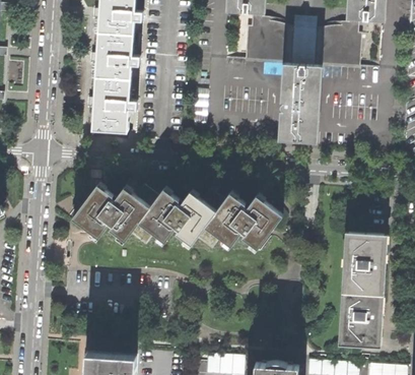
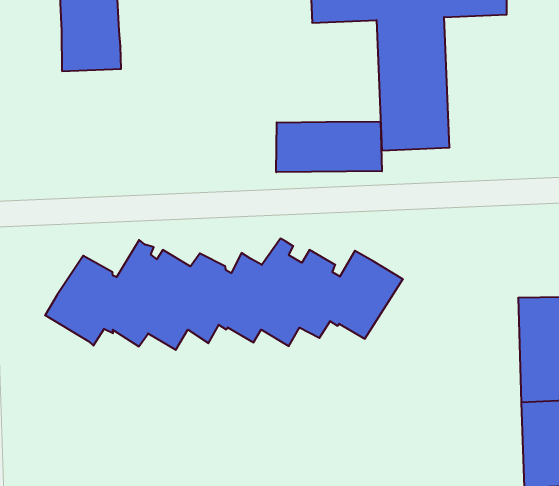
building: [92,77,130,133] -> none
building: none -> [276,121,382,172]

